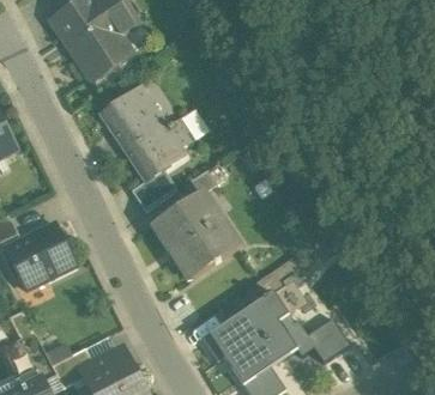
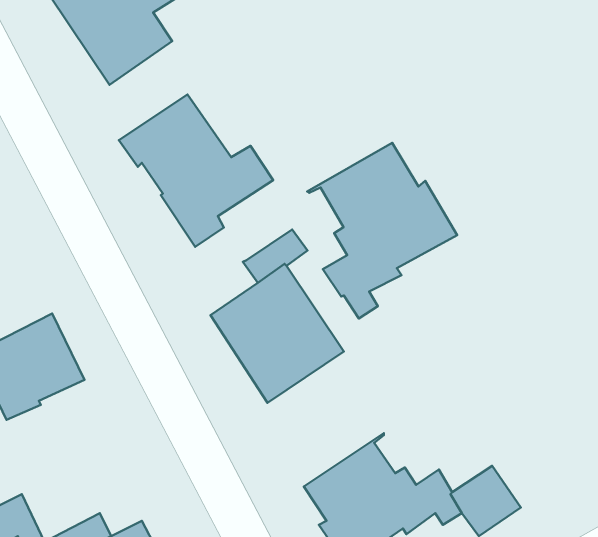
building: none -> [307,143,457,319]
building: [132,169,177,211] -> none

